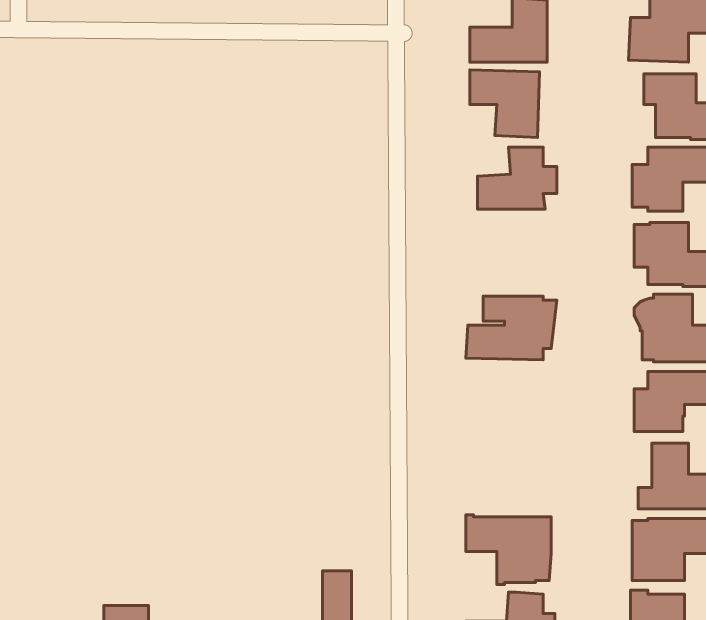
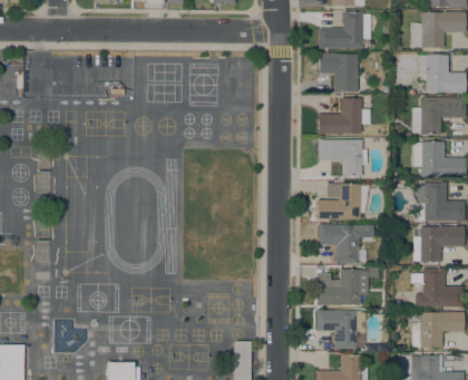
building: none -> [318,139,362,176]
building: none -> [319,223,373,263]
building: none -> [316,269,361,304]

